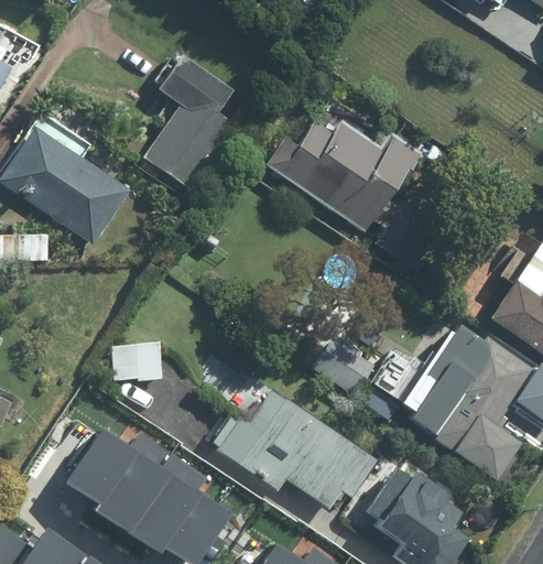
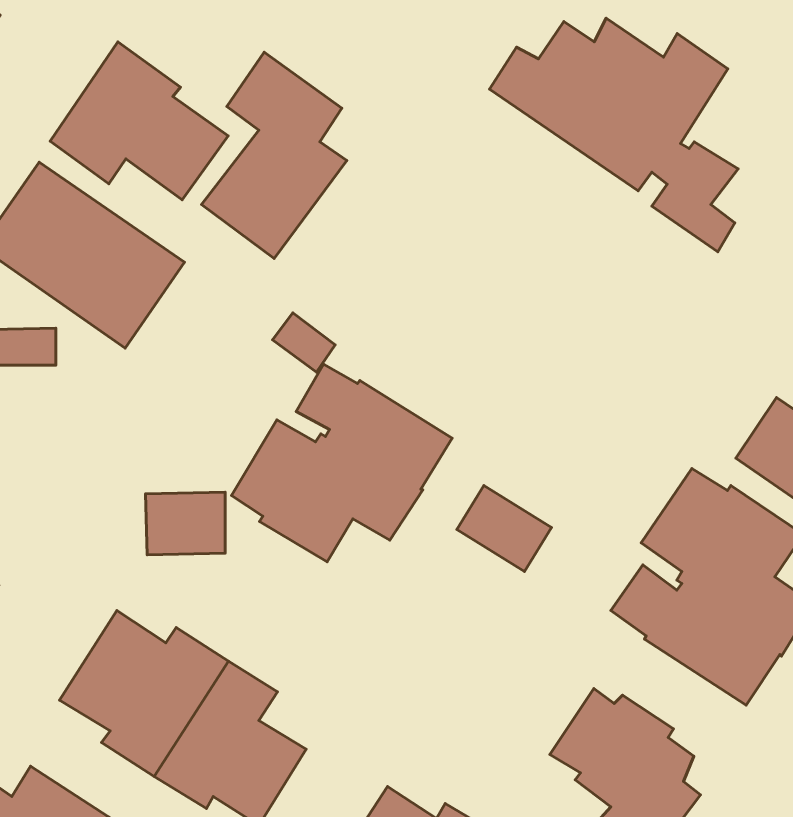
building: none -> [50,42,228,200]
building: [267,119,428,271] -> [489,18,738,252]
building: none -> [231,364,452,562]
building: [216,388,378,509] -> none

